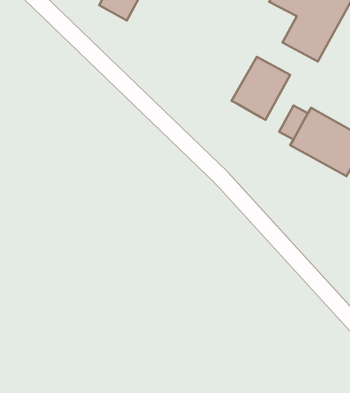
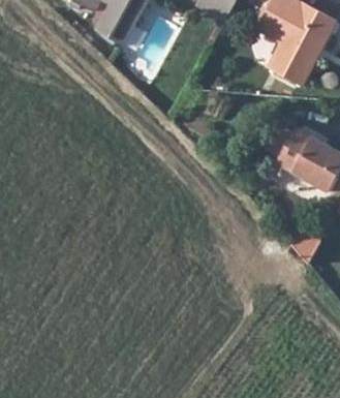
building: [232,57,290,120] -> none

